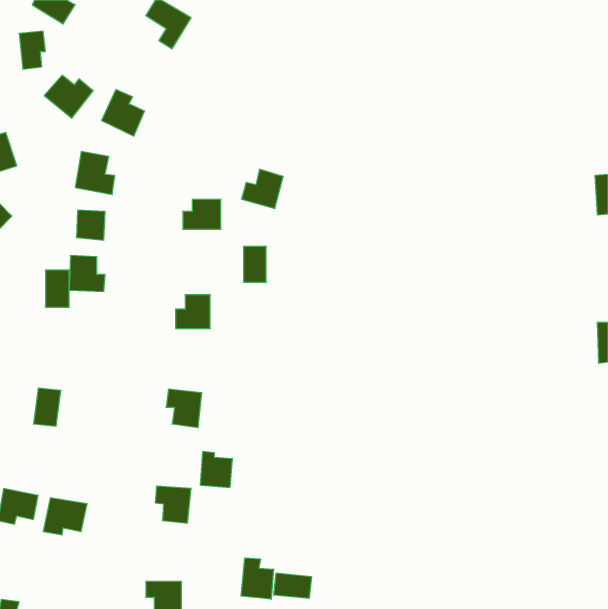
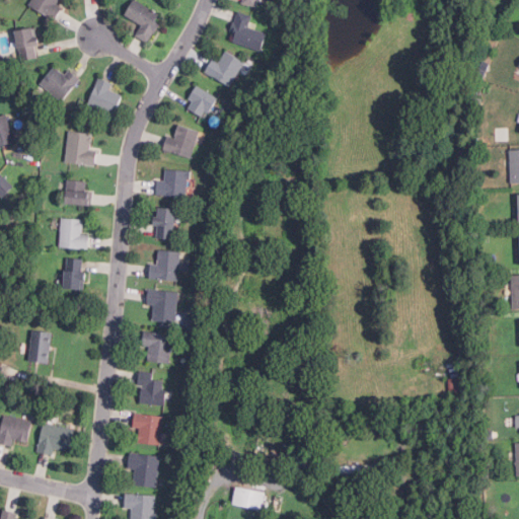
building: none -> [227,12,267,52]
building: none -> [204,52,243,86]
building: none -> [183,85,217,119]
building: [241,169,283,209] -> [162,125,198,158]
building: [244,246,266,282] -> [156,208,175,238]
building: [45,270,69,307] -> [65,257,85,289]
building: none -> [147,289,177,323]
building: [200,452,232,487] -> [138,374,165,404]
building: none -> [127,453,158,488]
building: [241,558,274,599] -> none

